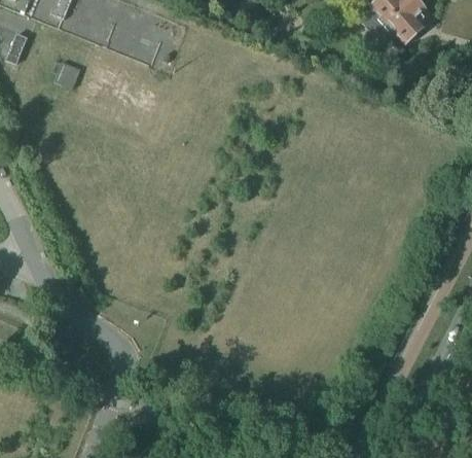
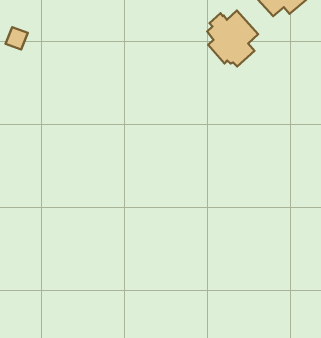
building: none -> [207,10,258,67]

